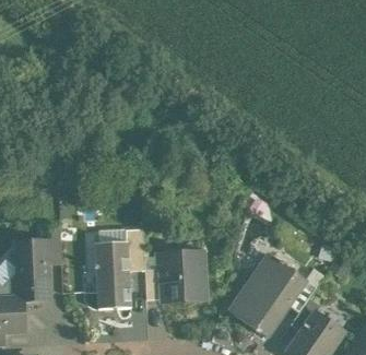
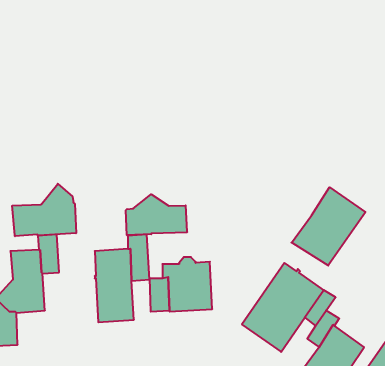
building: none -> [12,184,76,236]
building: none -> [291,187,365,266]
building: none -> [126,194,187,235]

